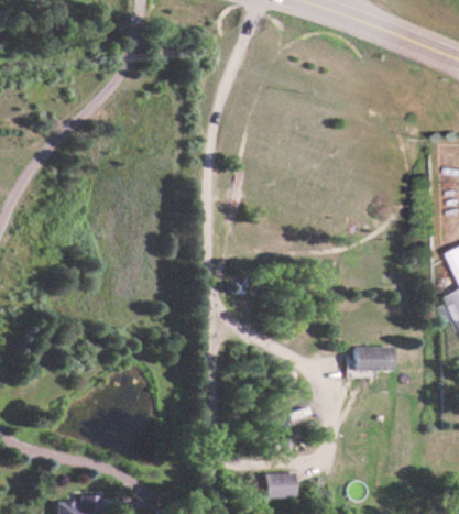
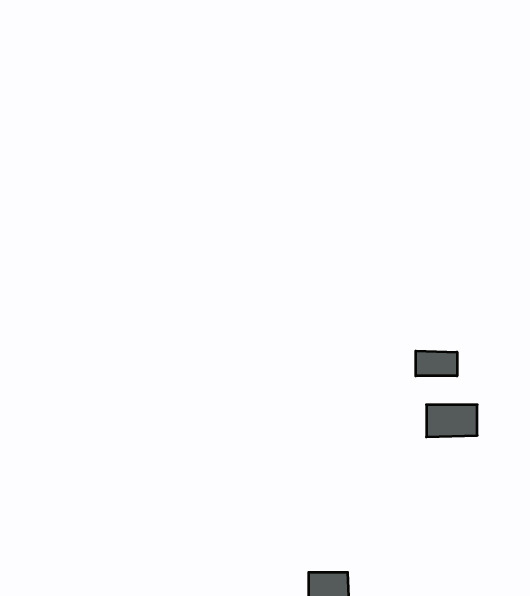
building: none -> [416,351,457,376]

